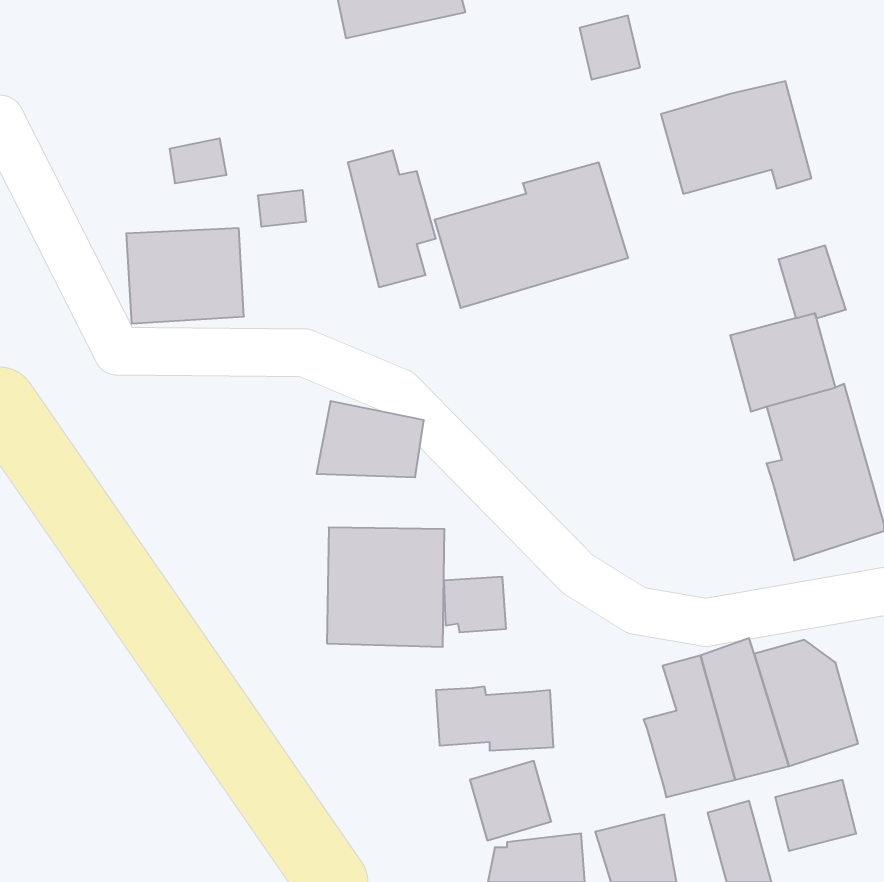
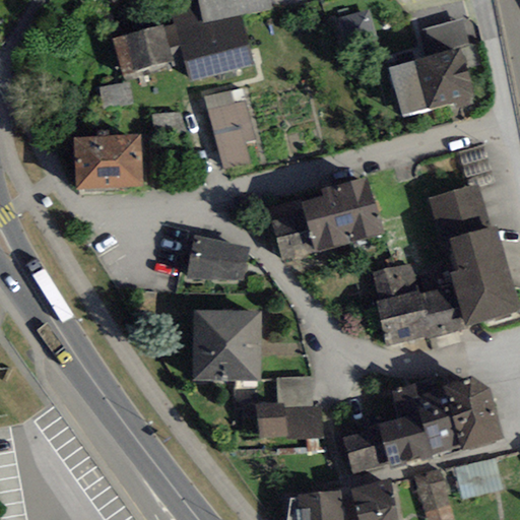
building: none -> [177,18,253,81]
building: none -> [422,18,469,55]
building: none -> [112,23,172,74]
building: [434,163,628,308] -> [269,178,383,263]
building: none -> [374,262,466,346]
building: [444,577,506,632] -> [276,376,313,408]
building: [470,761,551,840] -> [342,428,390,474]

